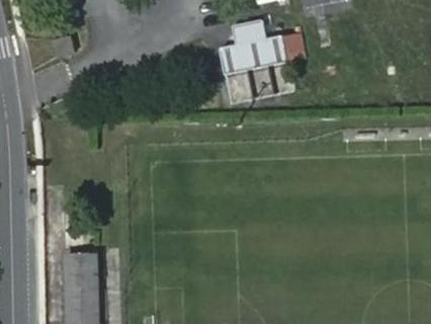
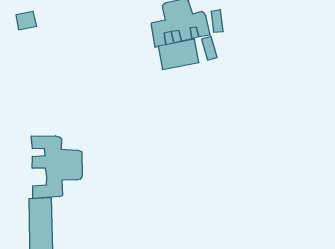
building: none -> [31,136,82,199]

